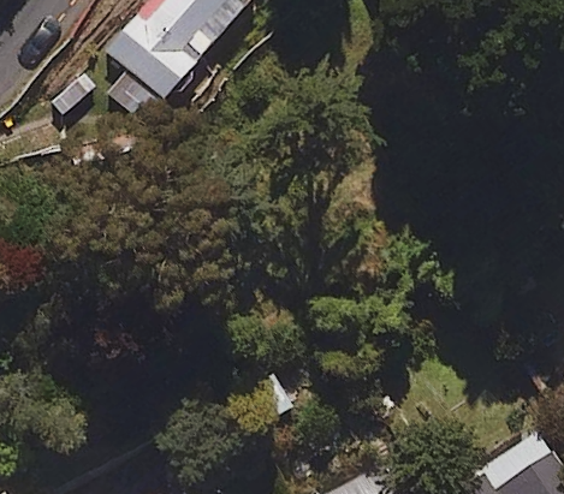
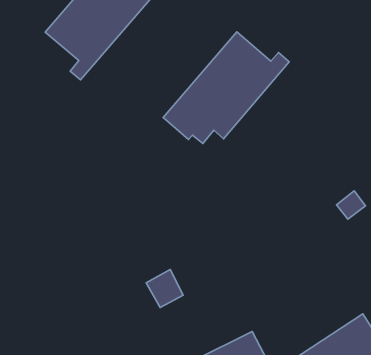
building: none -> [163,32,289,144]

